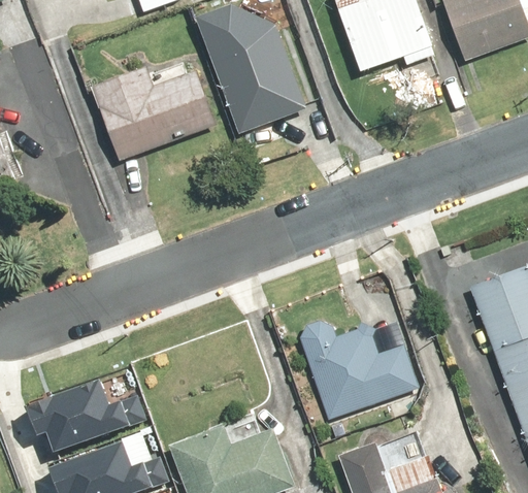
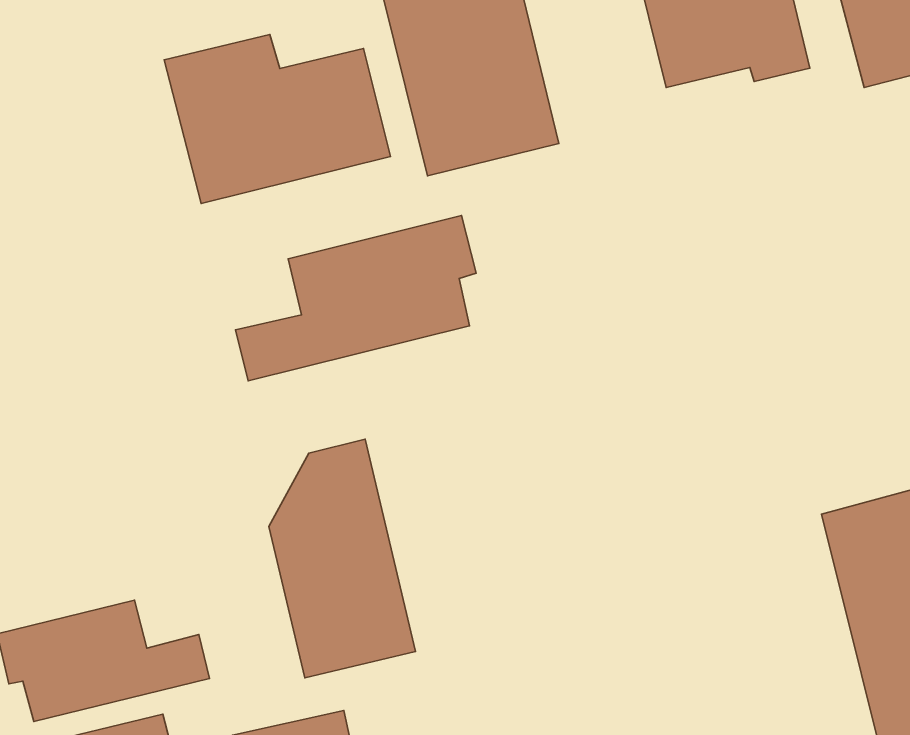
building: none -> [235,215,476,381]
building: none -> [269,439,415,678]
building: [299,322,418,419] -> none

